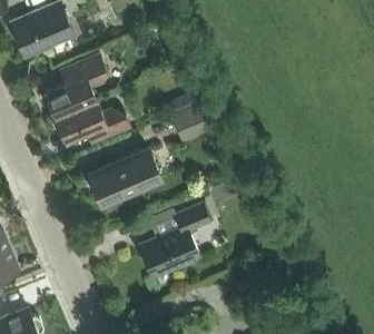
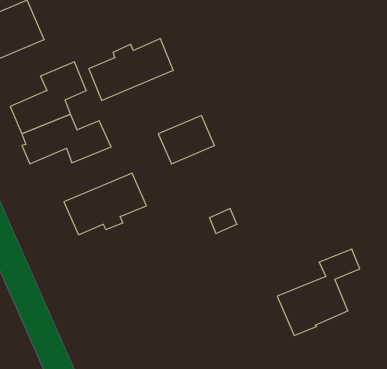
building: none -> [89,38,173,101]
building: [138,204,208,277] -> [277,249,360,336]

